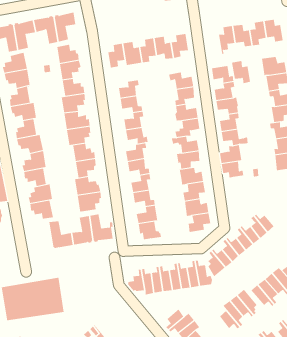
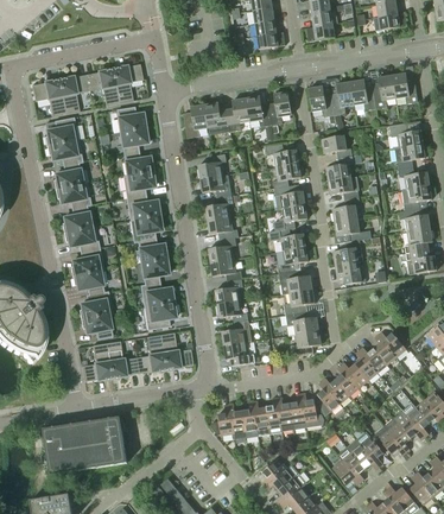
building: [231,61,251,84] -> [309,85,335,116]
building: none -> [82,342,112,381]

